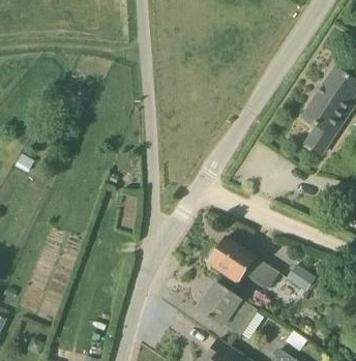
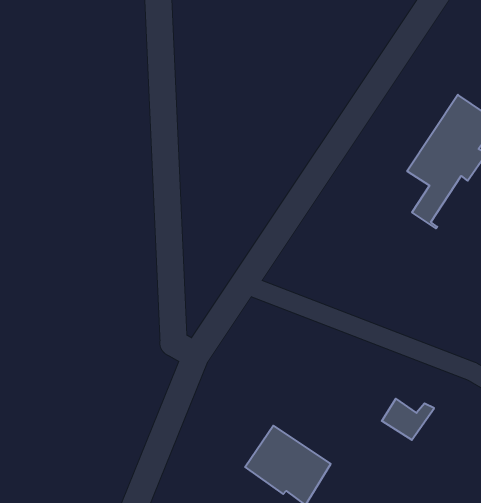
building: [207,236,278,288] -> none

